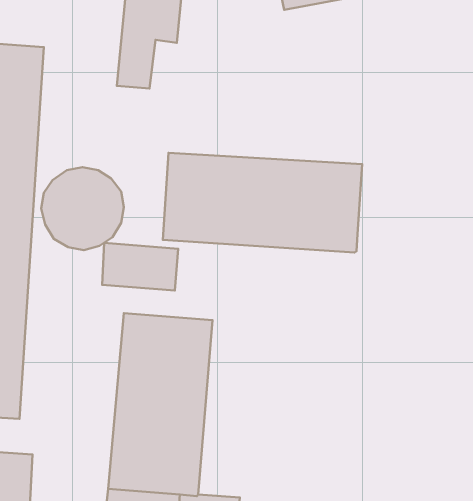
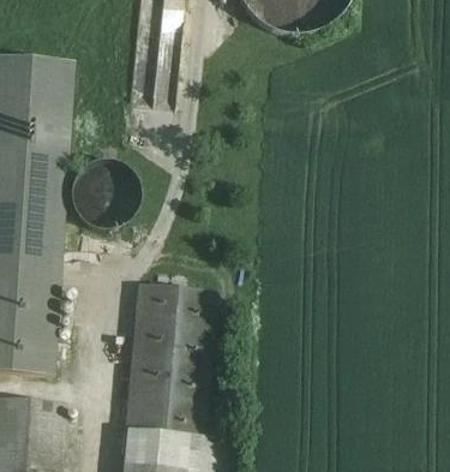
building: [163,153,362,252] -> none
building: [102,243,178,291] -> none

